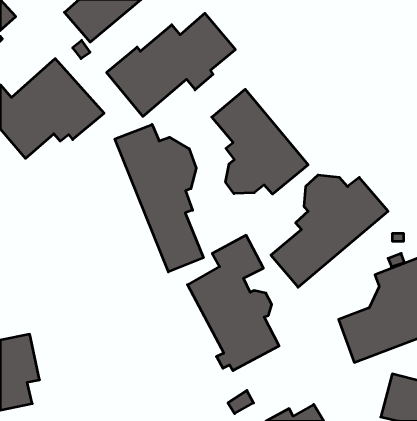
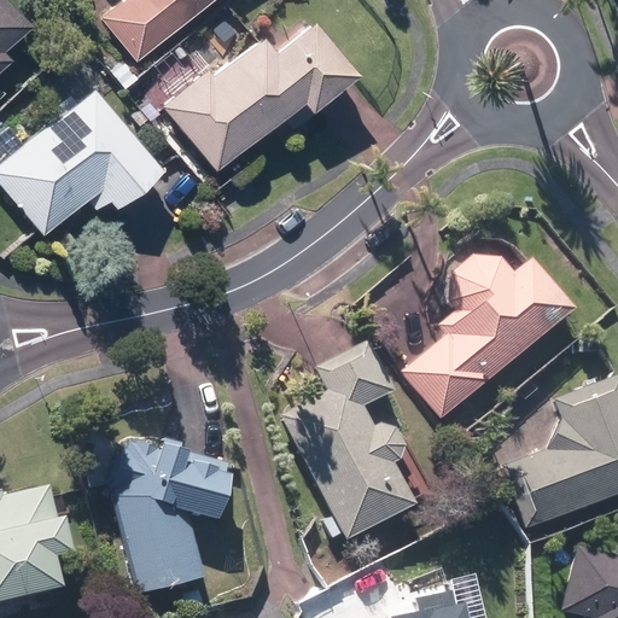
building: [212,89,308,194] -> none
building: [115,124,203,272] -> none
building: none -> [107,442,229,596]

